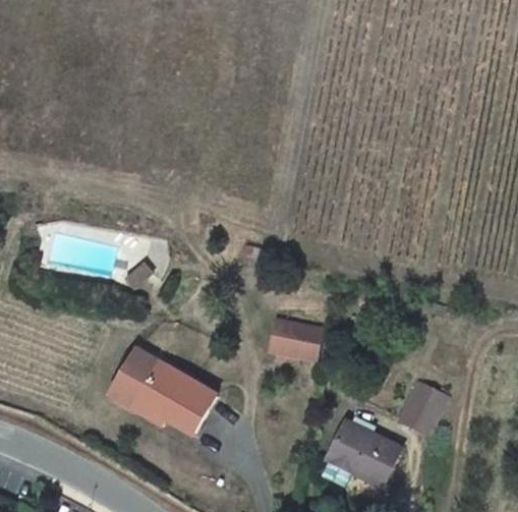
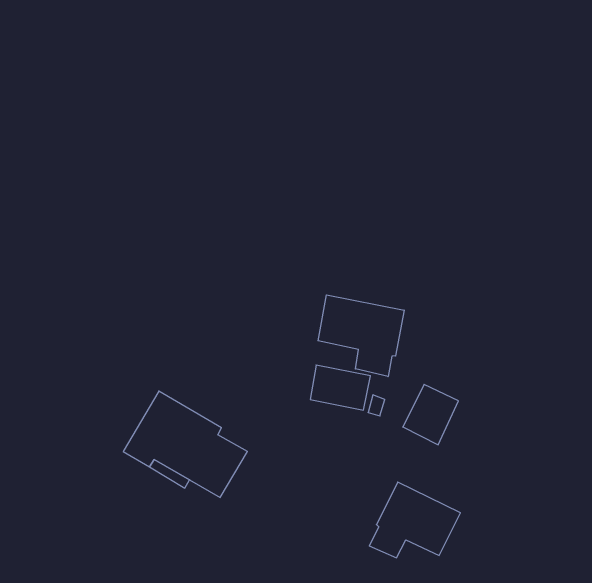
building: none -> [318,295,404,377]
building: [398,383,446,435] -> [403,384,458,445]

